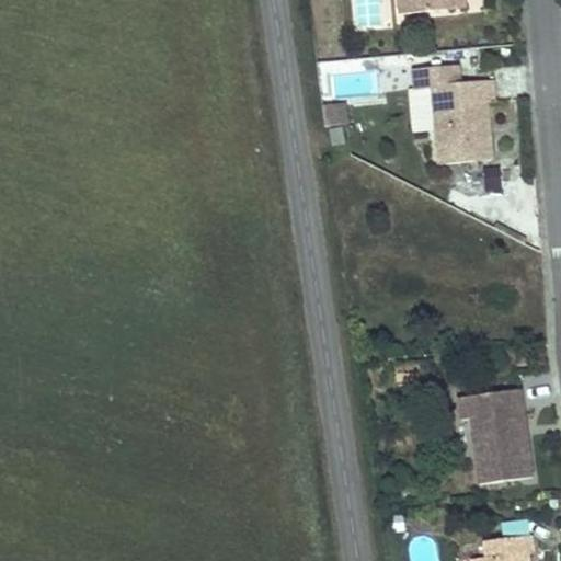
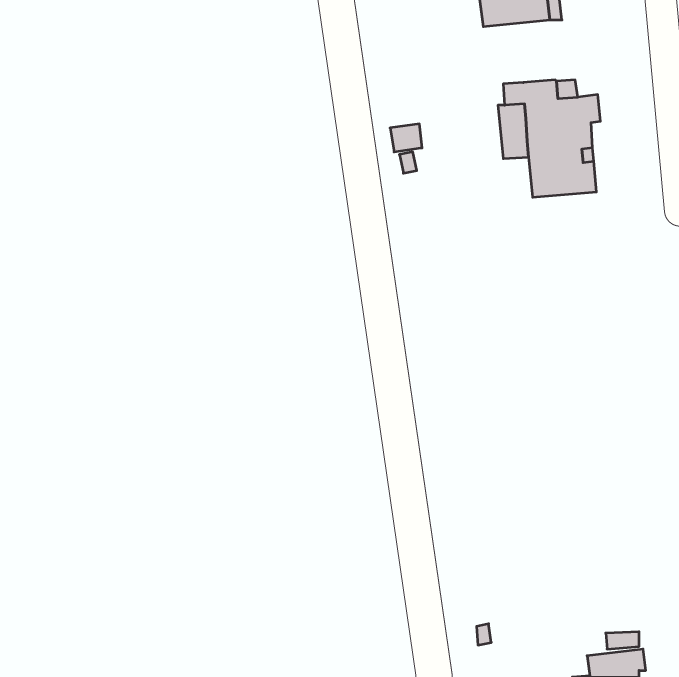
building: [459,387,533,482] -> none

